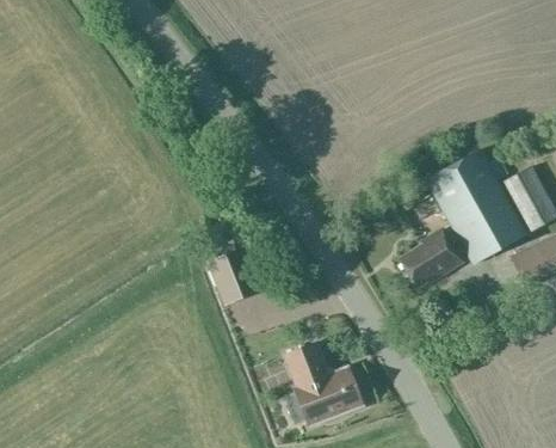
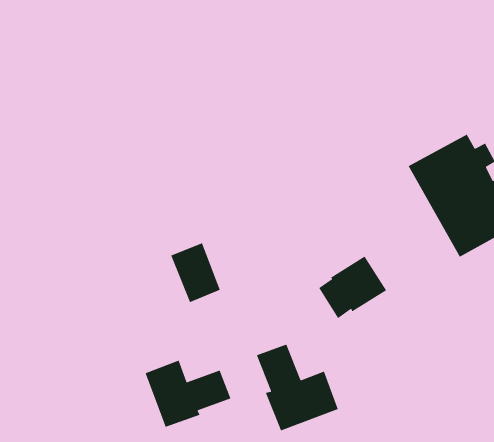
building: [399,229,462,288] -> [318,256,387,319]
building: none -> [144,359,231,428]

